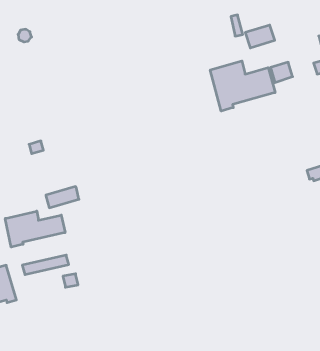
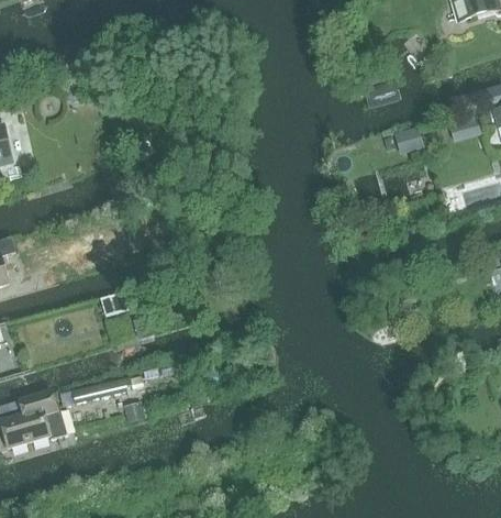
building: [210,61,275,111] -> none
building: [5,211,65,247] -> none

